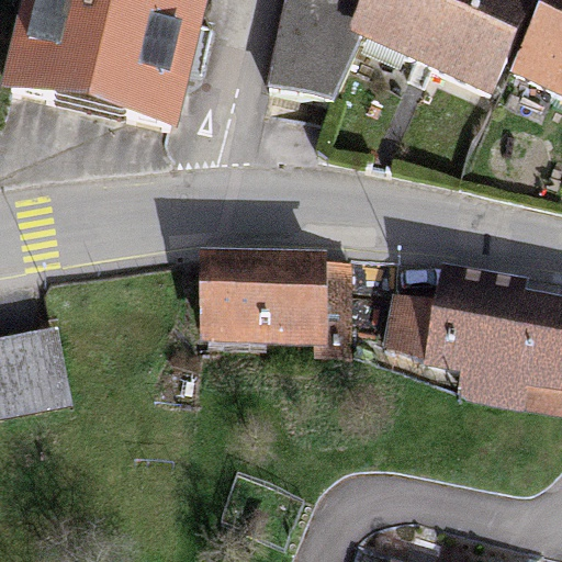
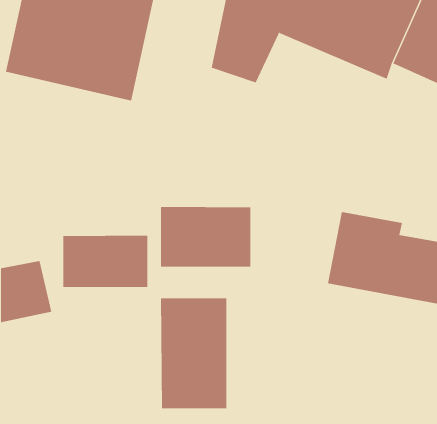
building: none -> [63,235,148,288]
building: none -> [161,297,227,409]

